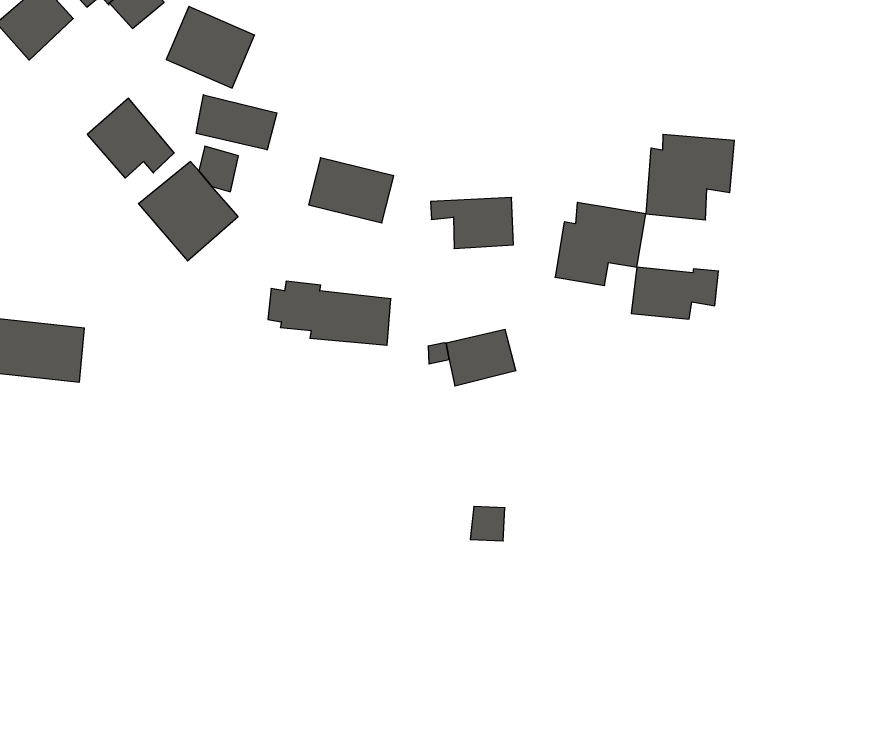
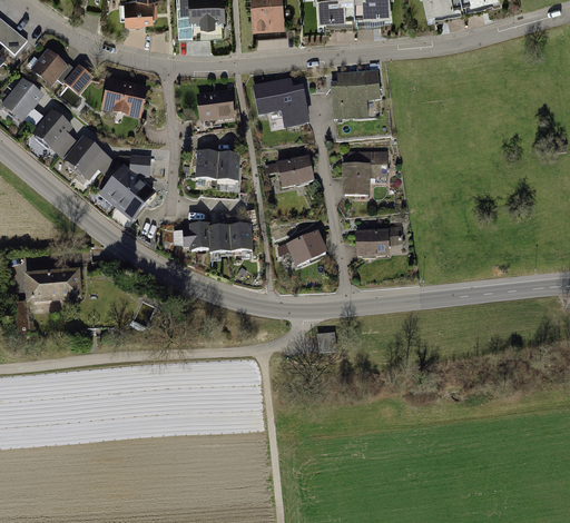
building: none -> [31,109,77,158]
building: none -> [196,89,235,121]
building: none -> [253,78,311,128]
building: [196,95,277,150] -> none
building: [646,134,734,220] -> [331,70,380,120]
building: [631,267,719,319] -> [355,226,403,258]

